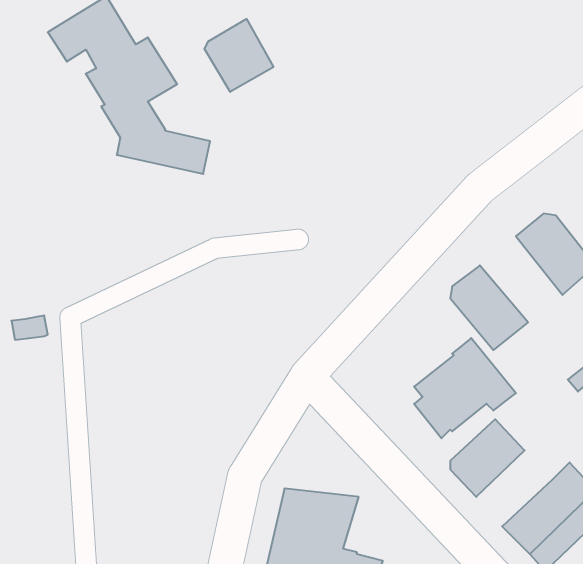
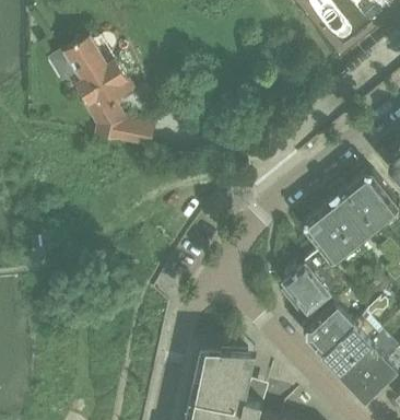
building: [204,19,273,92] -> none
building: none -> [327,190,380,246]
building: none -> [326,317,385,375]

